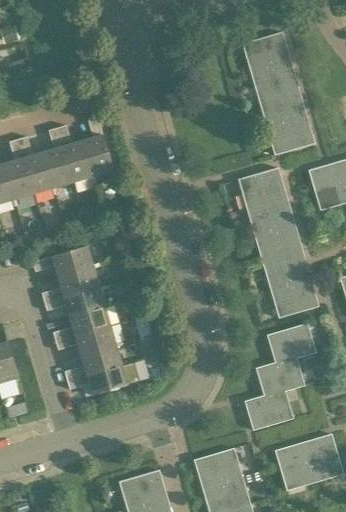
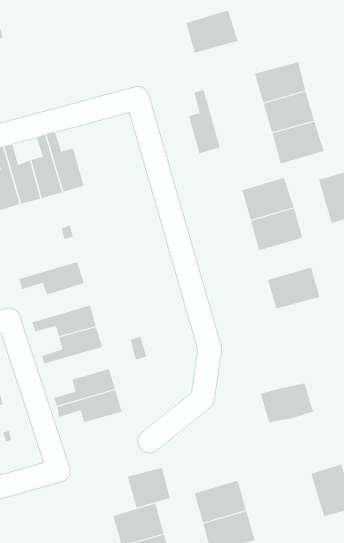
building: [242,32,291,72] -> [185,10,238,53]
building: [83,116,113,176] -> [188,89,220,154]
building: [254,224,303,263] -> none
building: [41,266,99,302] -> none
building: [270,279,319,318] -> none
building: [266,323,316,363] -> none
building: [55,325,116,355] -> none
building: [244,391,293,430] -> none
building: none -> [127,467,171,509]
building: [274,442,314,491] -> none

